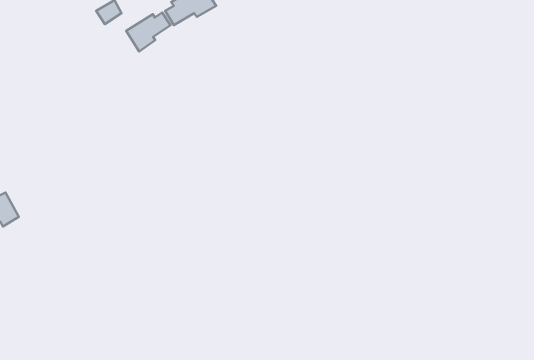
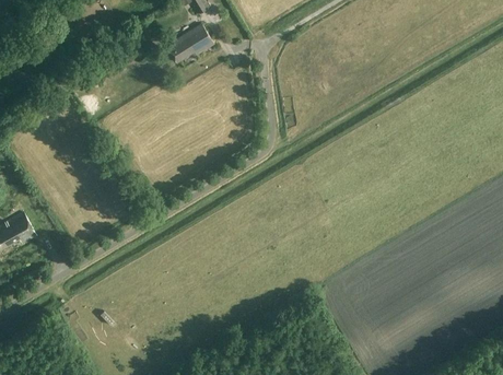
building: [126,13,170,52] -> none

